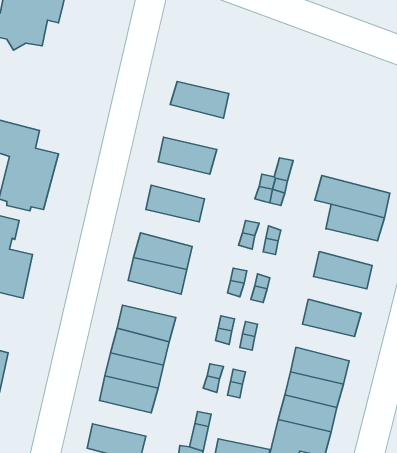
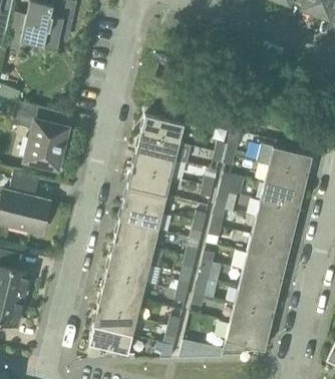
building: [170,81,229,118] -> [136,133,180,160]
building: none -> [128,168,172,196]
building: none -> [260,182,303,210]
building: none -> [252,218,295,245]
building: none -> [115,221,158,248]
building: none -> [243,253,286,280]
building: none -> [93,309,136,335]

